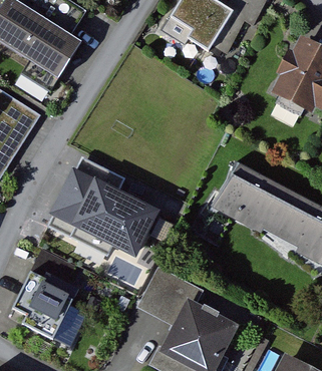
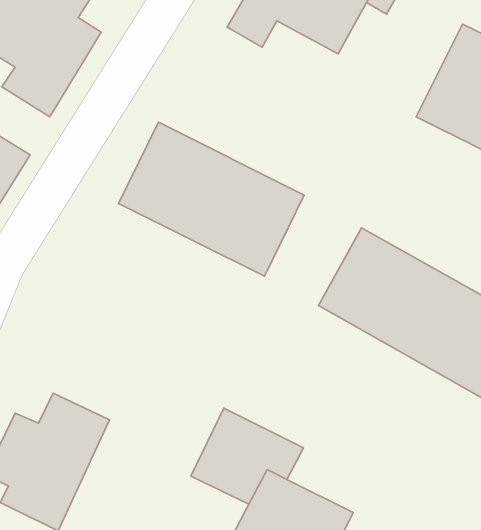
building: [48,165,160,259] -> [119,122,304,276]

